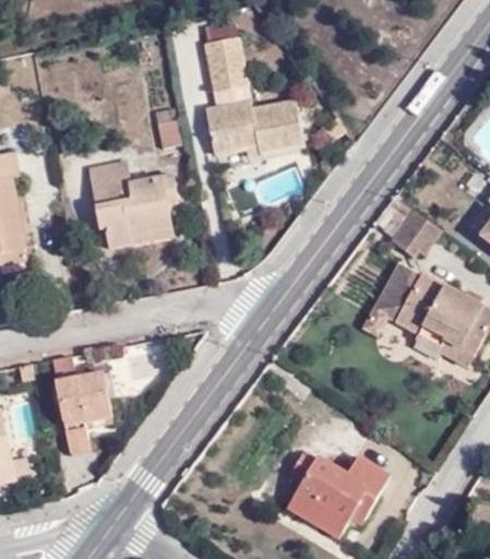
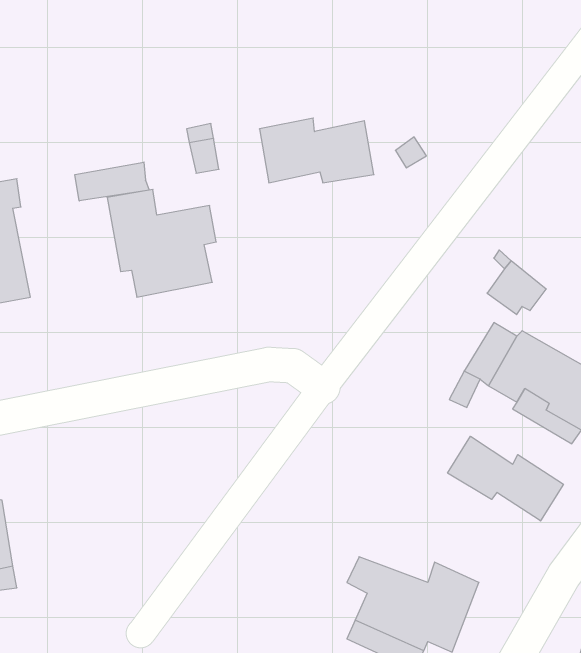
building: [210,31,253,85] -> none
building: none -> [75,162,149,201]
building: none -> [448,436,563,521]
building: [56,371,111,455] -> none

